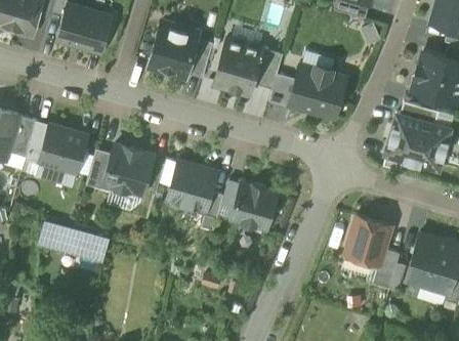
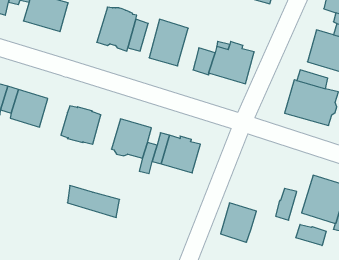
building: [252,48,282,89] -> none
building: [85,148,112,191] -> none
building: [345,215,390,264] -> [221,203,256,242]
building: [41,221,107,261] -> [67,186,120,217]
building: none -> [296,224,326,246]

